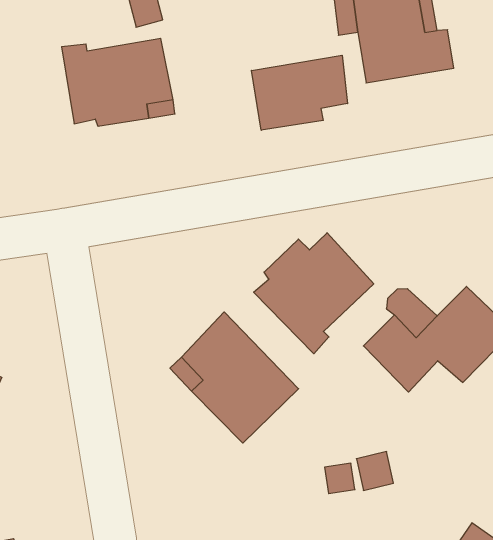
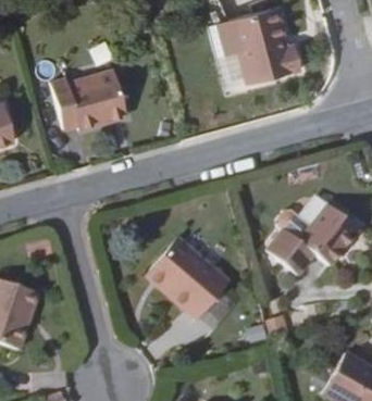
building: [251,55,348,130] -> none
building: [254,233,374,354] -> none

